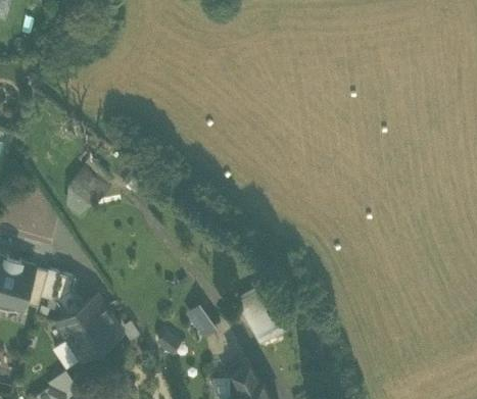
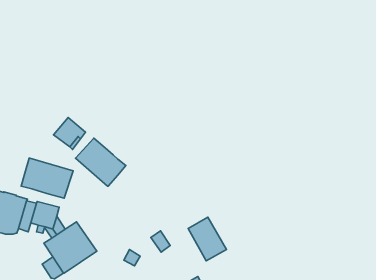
building: none -> [75,138,126,186]
building: none -> [21,158,73,198]

